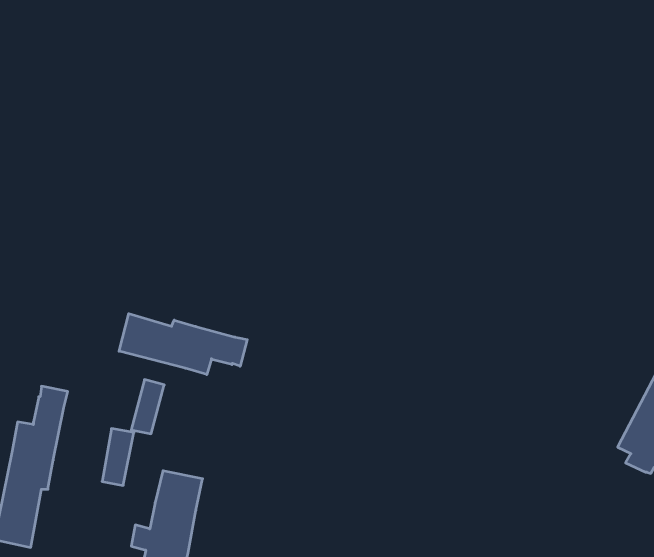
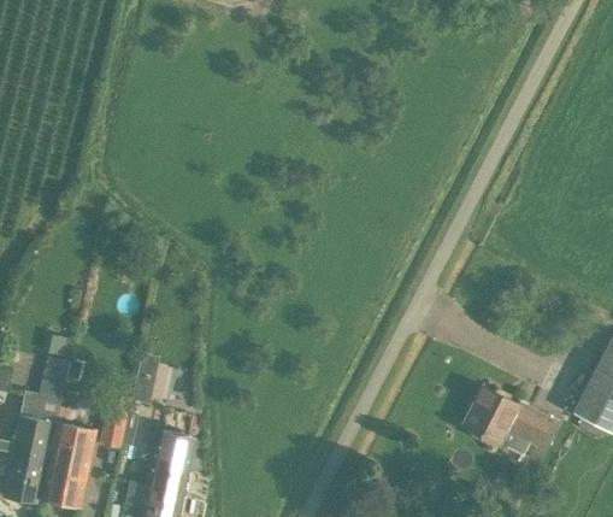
building: [119,314,247,375] -> none
building: none -> [464,387,555,454]
building: none -> [43,424,96,506]

